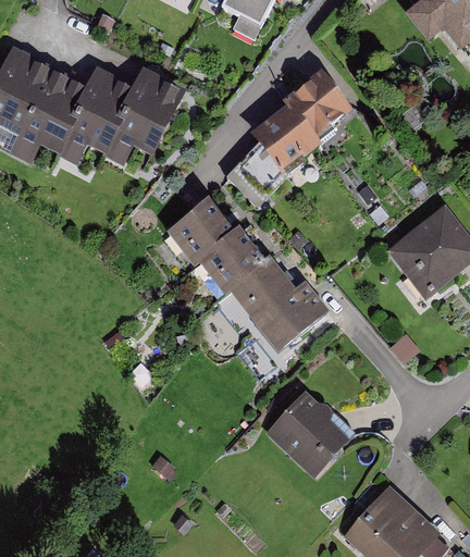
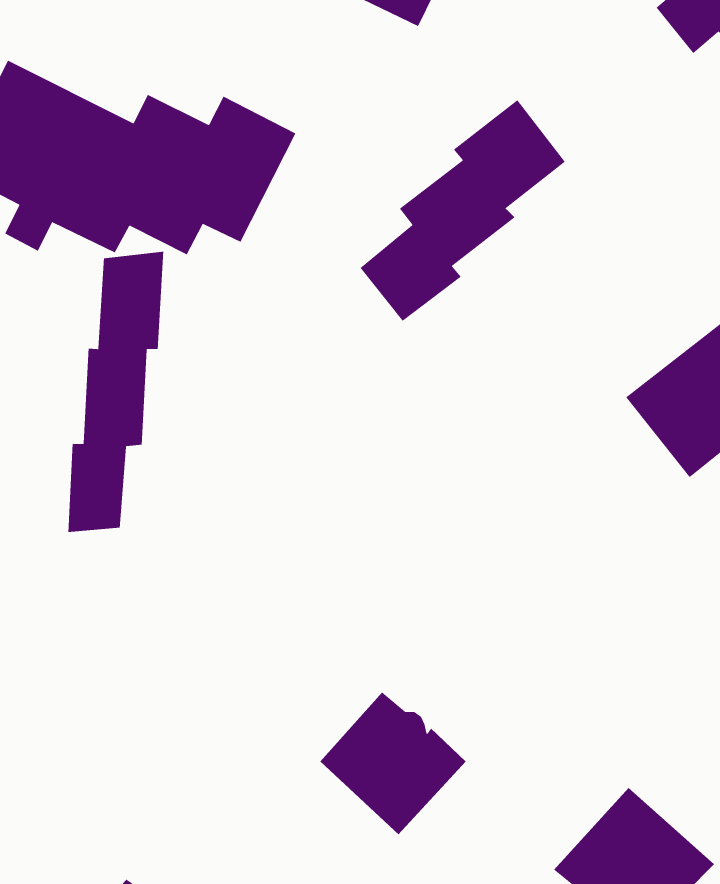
building: none -> [68,251,164,533]
building: [165,200,327,351] -> none
building: [267,391,356,478] -> [319,691,467,835]

